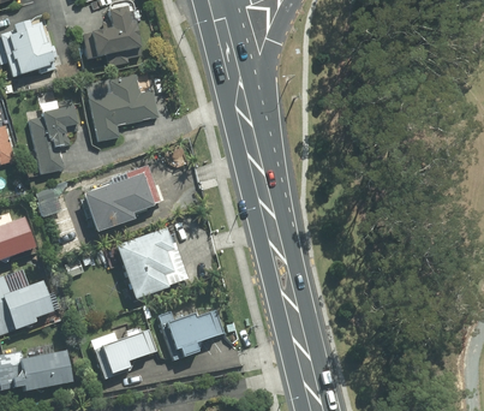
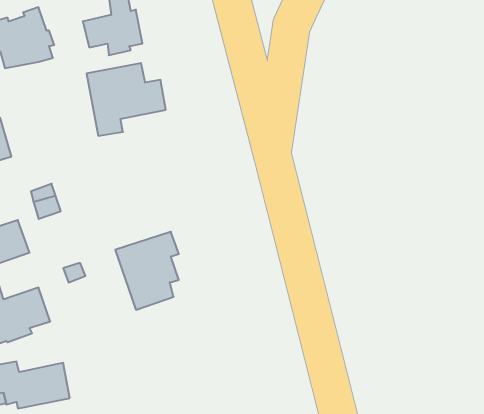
building: [29,99,78,174] -> none
building: [82,175,151,233] -> none
building: [159,310,225,359] -> none
building: [95,324,159,379] -> none

